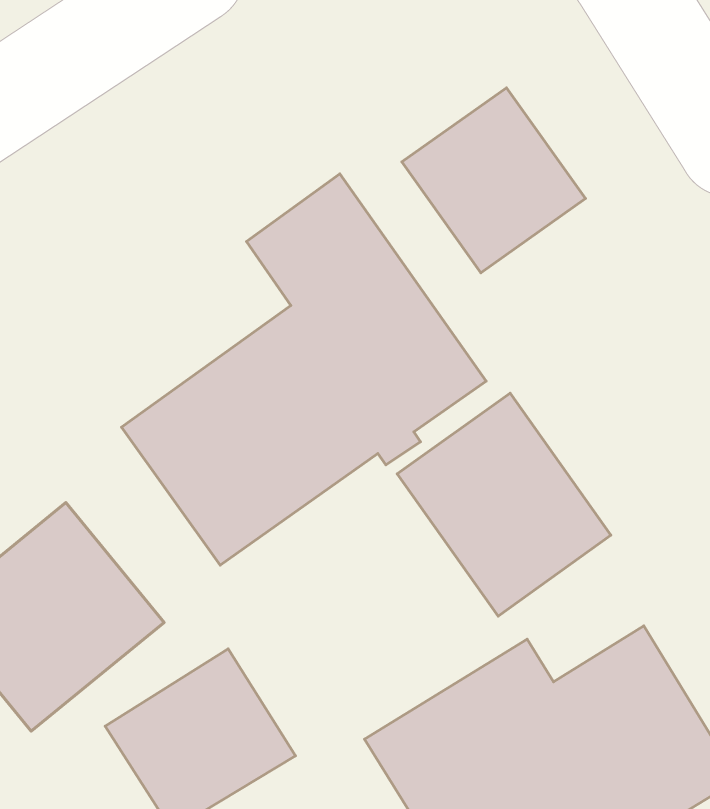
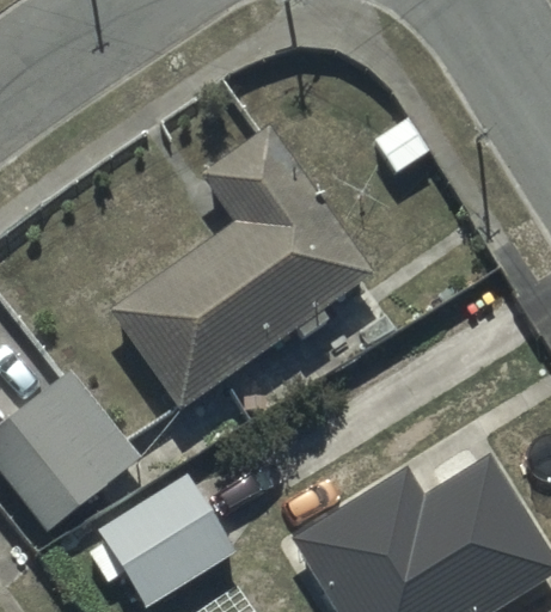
building: [402,88,586,273] -> none
building: [397,393,611,616] -> none

